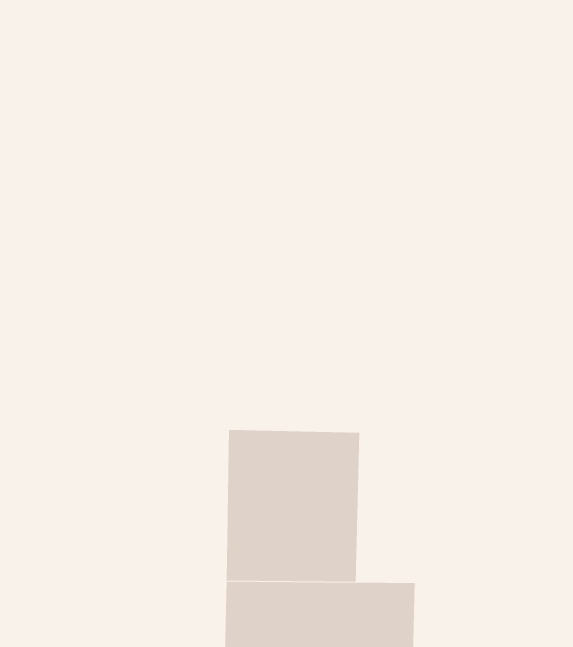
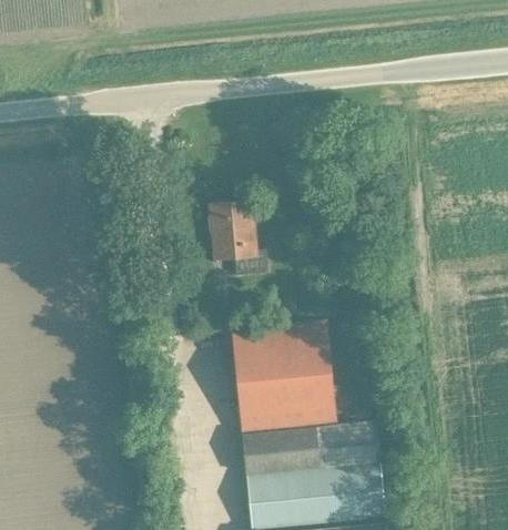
building: none -> [211,206,256,265]

